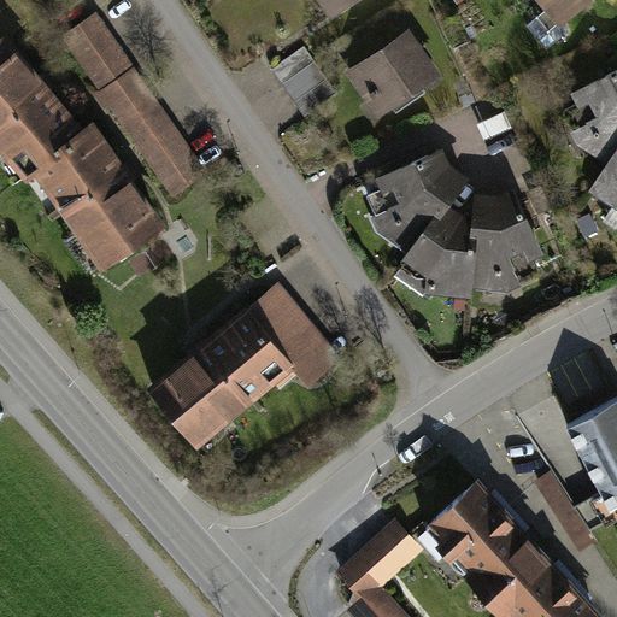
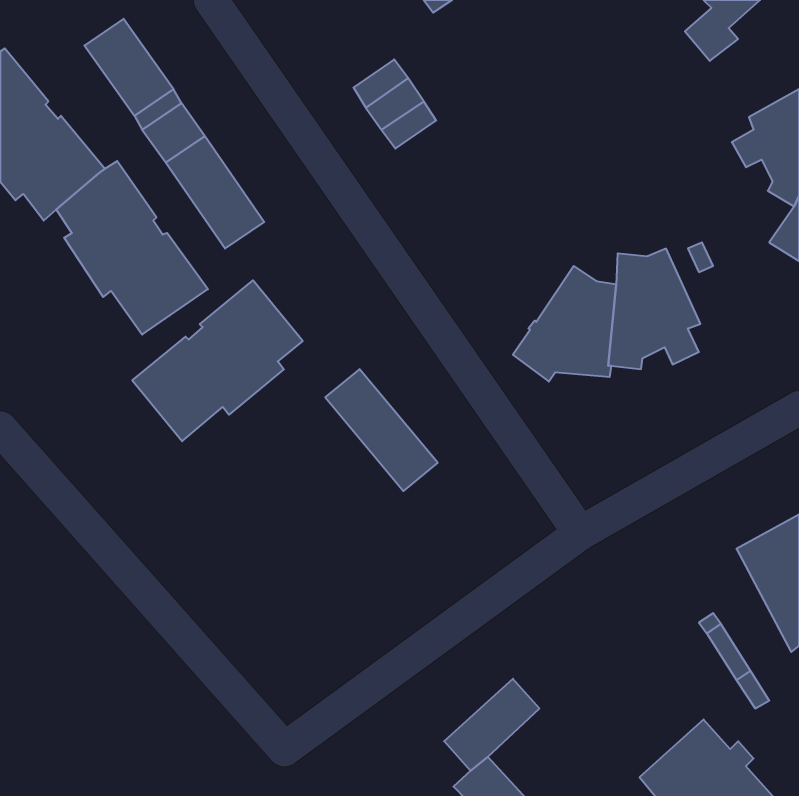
building: [354,36,434,108] -> none
building: [368,152,464,251] -> none
building: [153,312,284,436] -> [132,280,303,441]
building: [418,484,542,601] -> none

